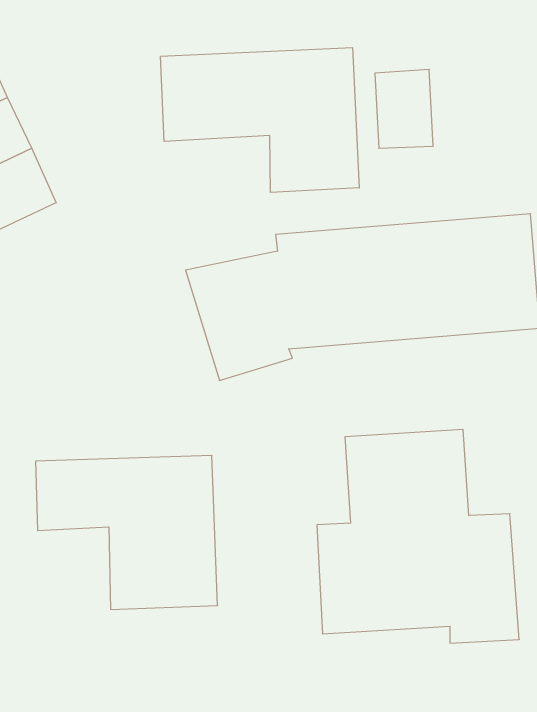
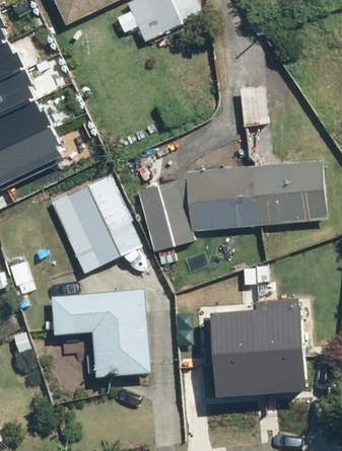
building: [161,48,359,192] -> none
building: none -> [48,174,142,276]

